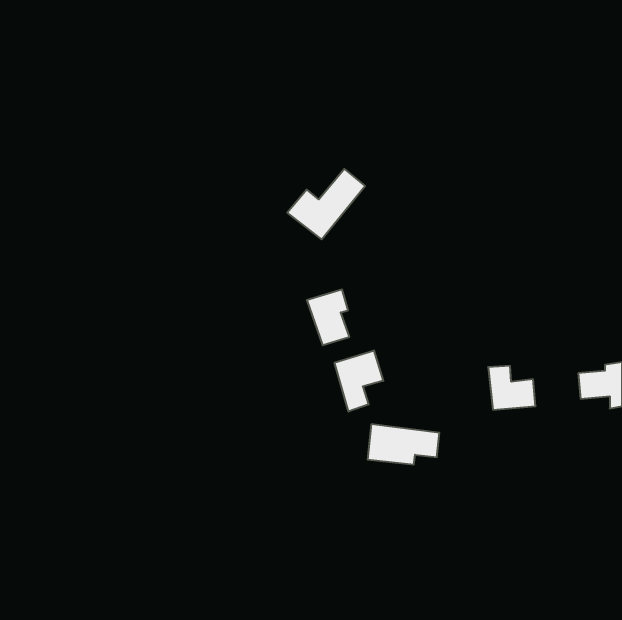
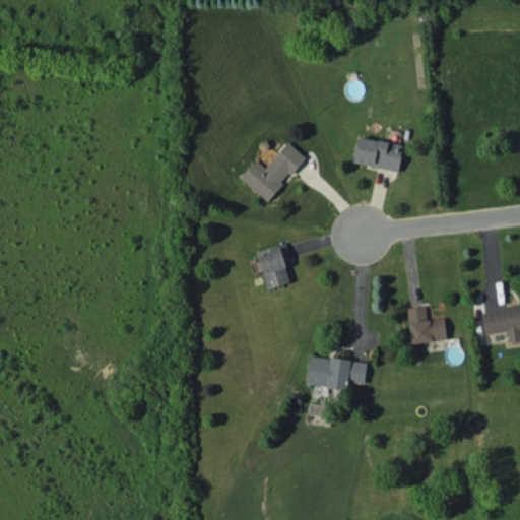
building: none -> [353,136,403,172]
building: [335,350,383,412] -> none

